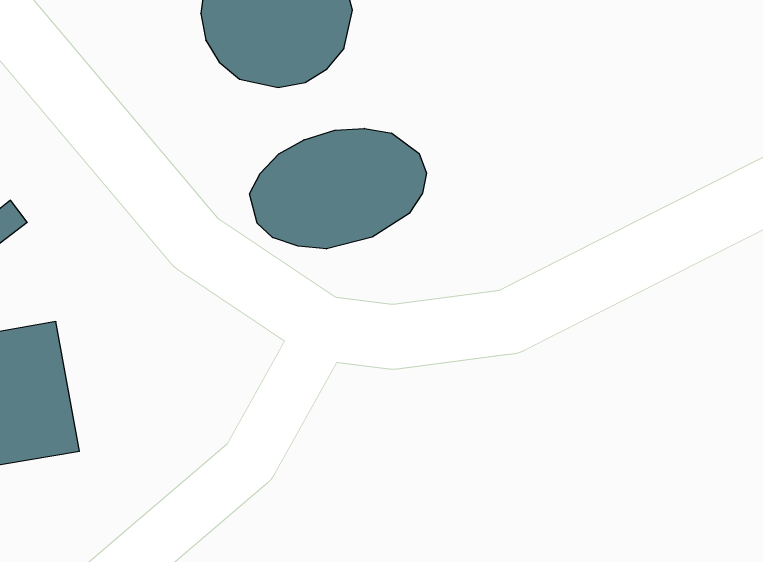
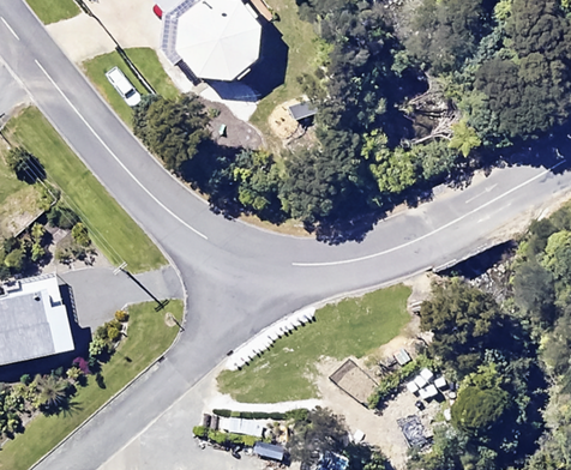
building: [249,128,426,249] -> none

